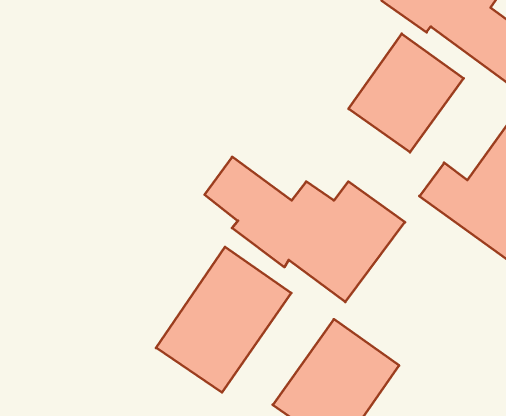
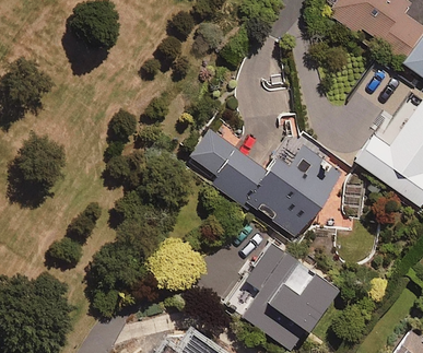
building: [349,34,464,152] -> none
building: [156,247,291,392] -> none

